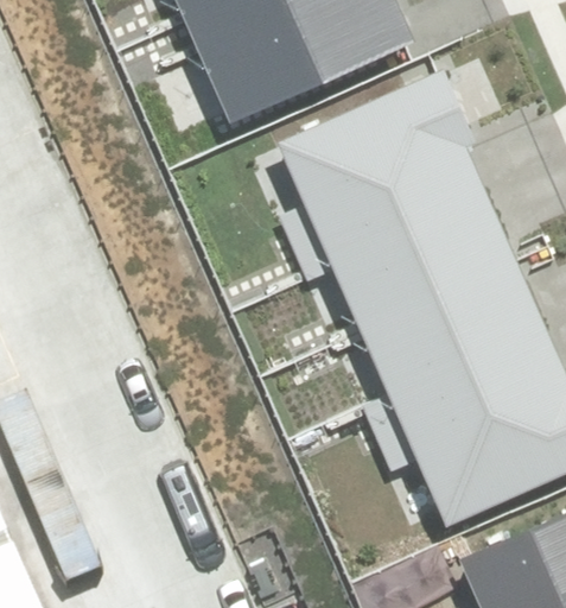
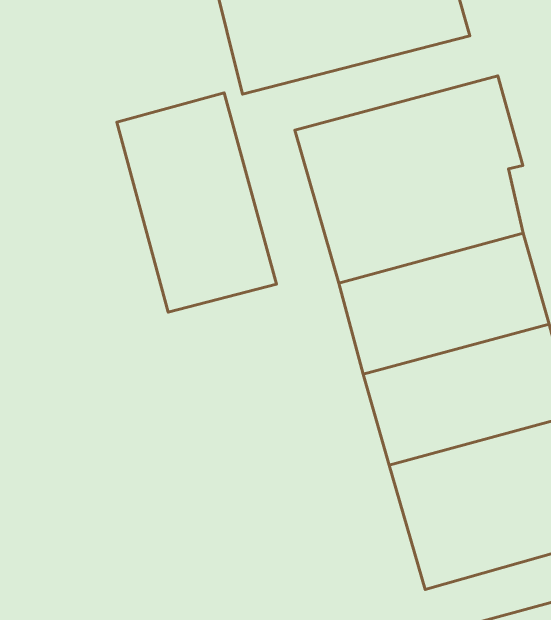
building: none -> [117,93,276,312]

